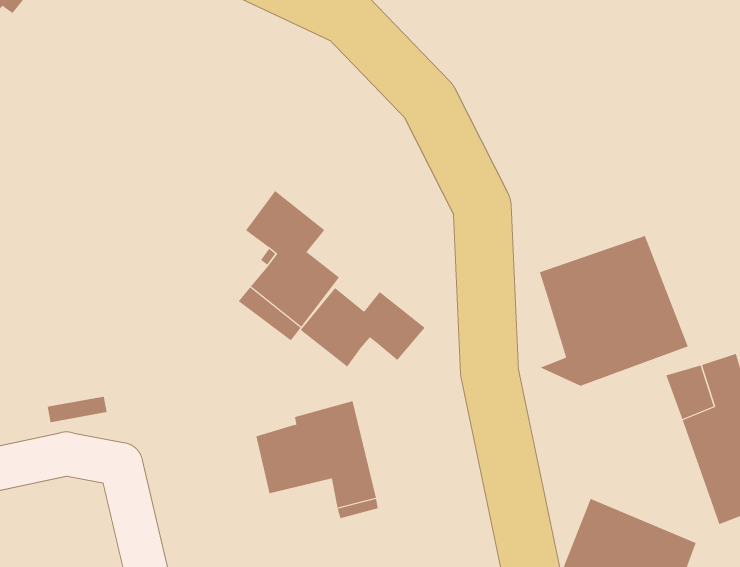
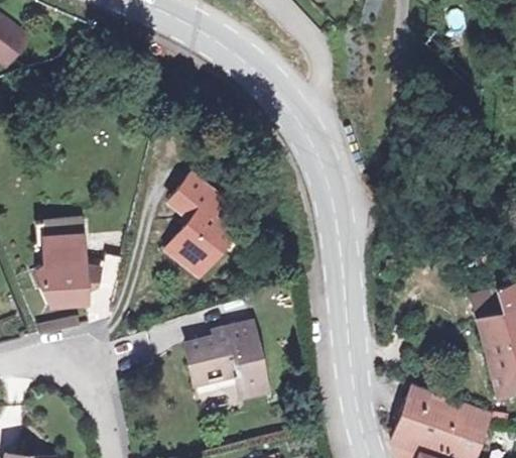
building: [539,235,689,386] -> none
building: none -> [34,220,105,302]
building: [300,287,426,368] -> none

